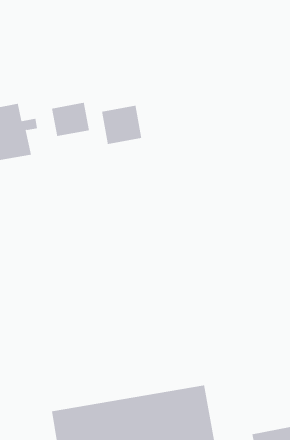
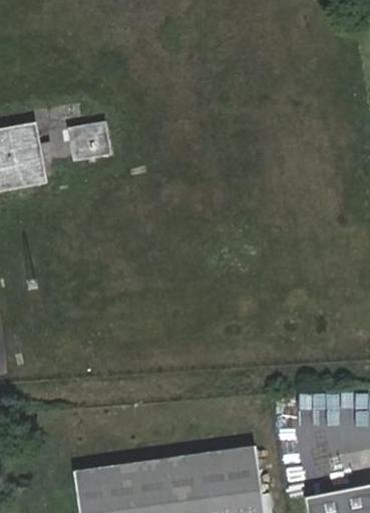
building: [102,105,142,145] -> none

